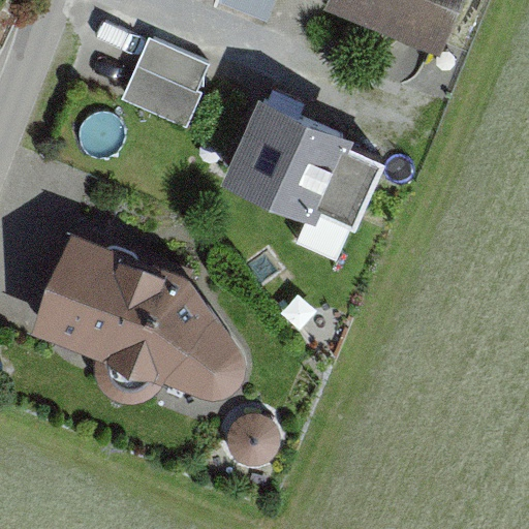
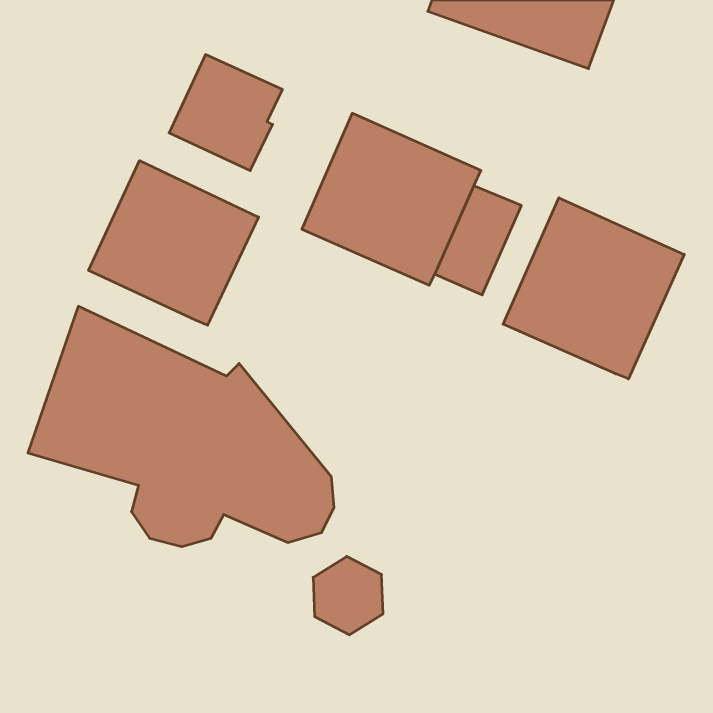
building: none -> [89,161,259,325]
building: none -> [503,198,684,379]

